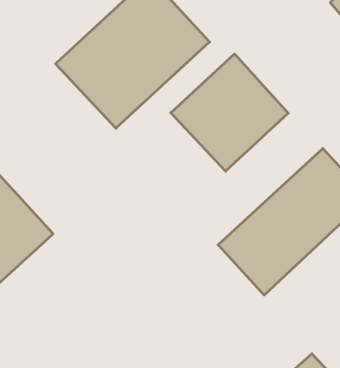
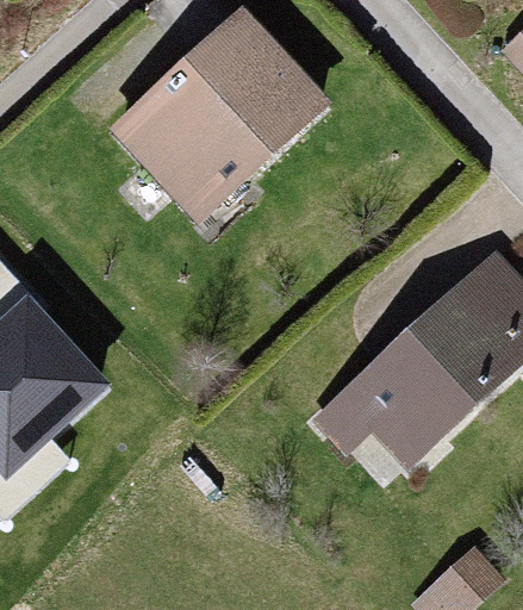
building: [171,54,288,171] -> none

